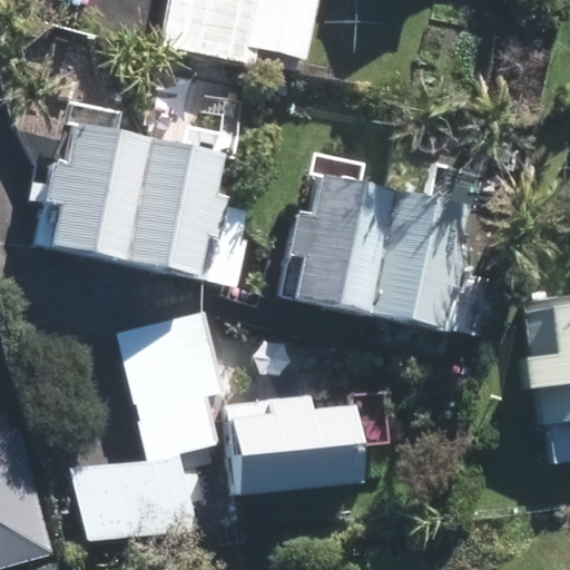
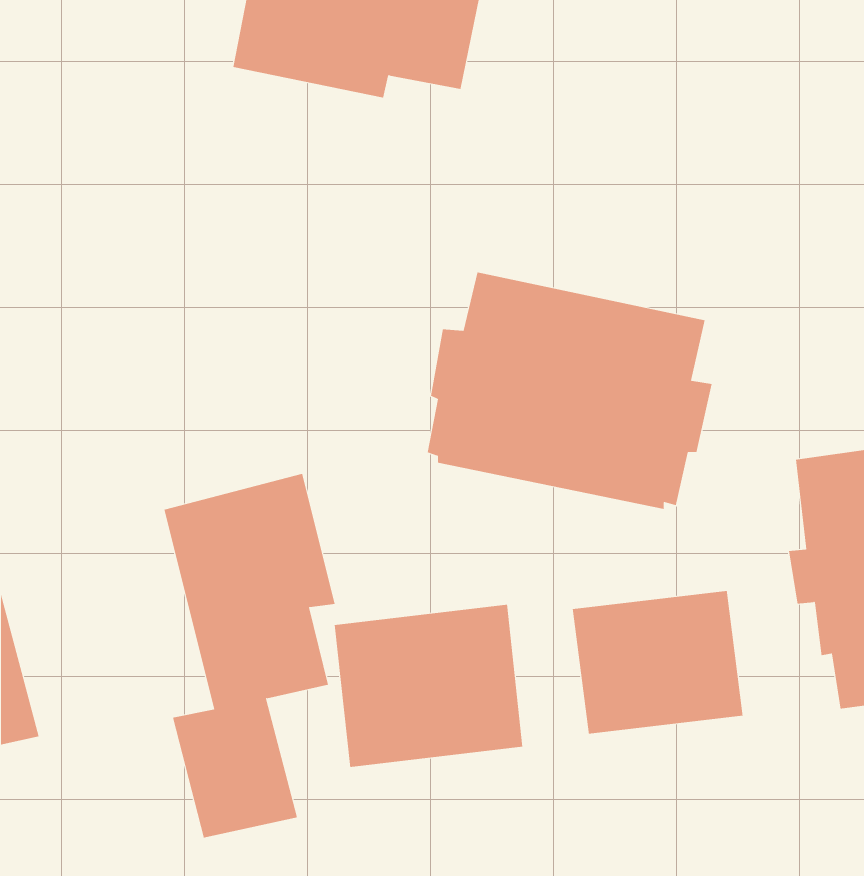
building: [42,125,225,278] -> none
building: none -> [572,590,743,735]

